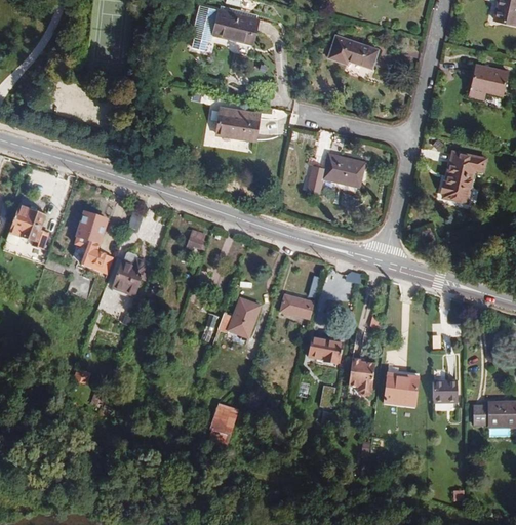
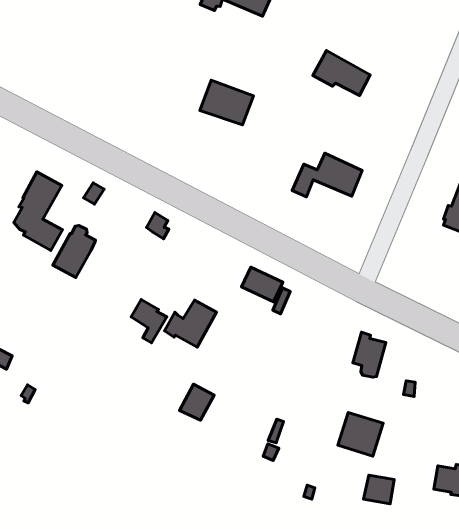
building: [328,34,378,68] -> [313,51,370,96]
building: [279,293,314,320] -> [242,267,283,302]
building: [308,337,343,362] -> none
building: [349,358,374,395] -> [353,332,386,377]
building: [433,380,457,402] -> [363,475,394,504]
building: [210,404,238,434] -> [179,384,214,420]

